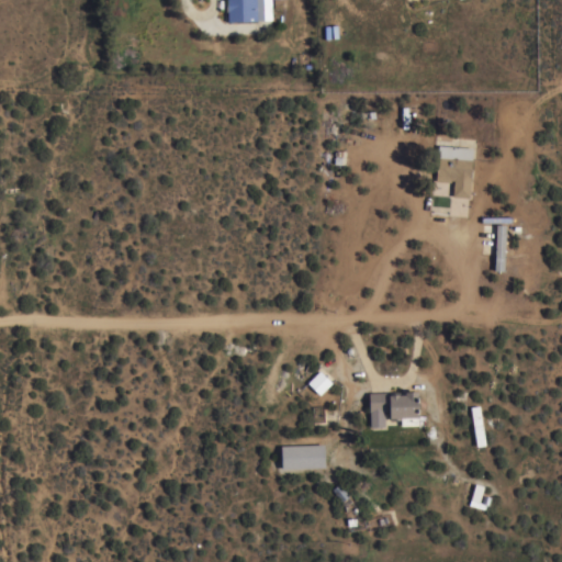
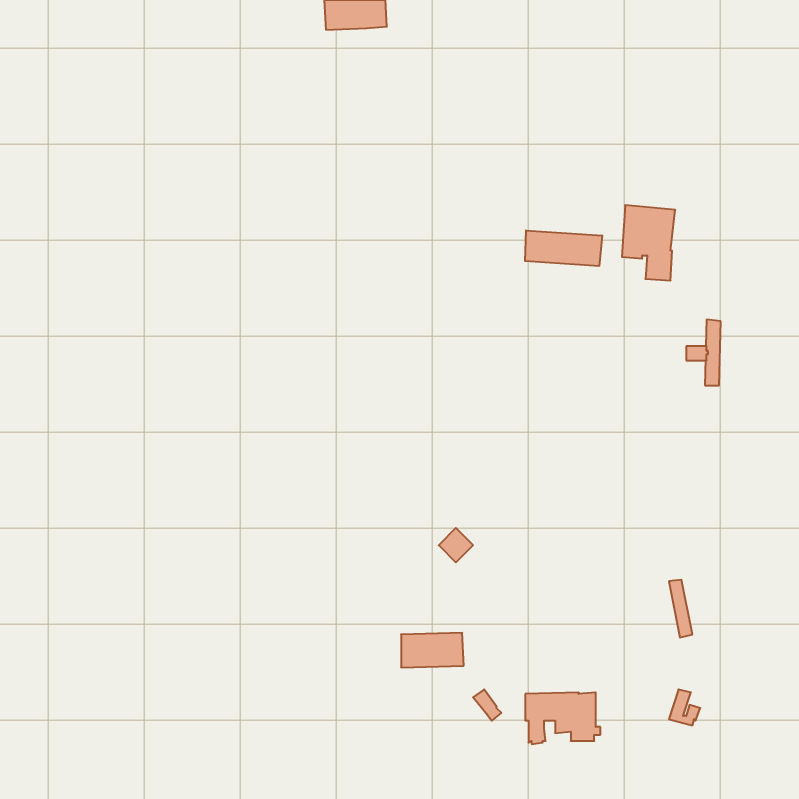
building: none -> [525,230,602,266]
building: [370,392,423,428] -> [525,692,600,744]

